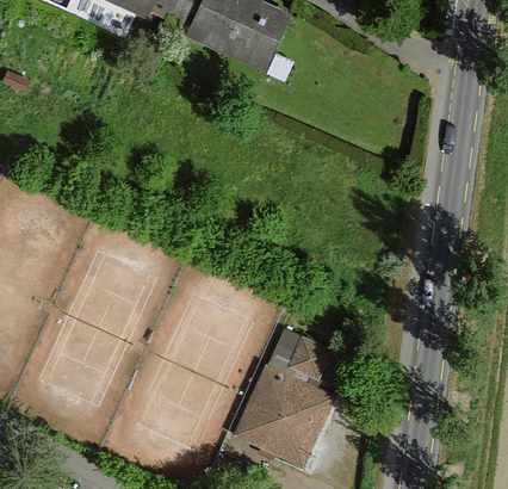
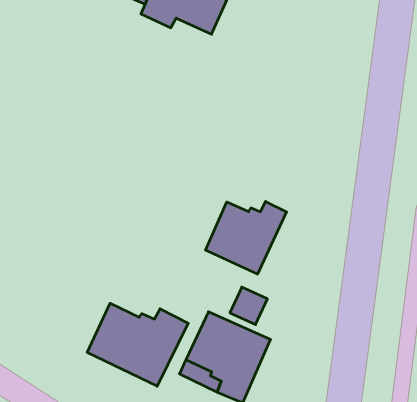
building: none -> [206,201,287,274]
building: none -> [87,303,188,386]

